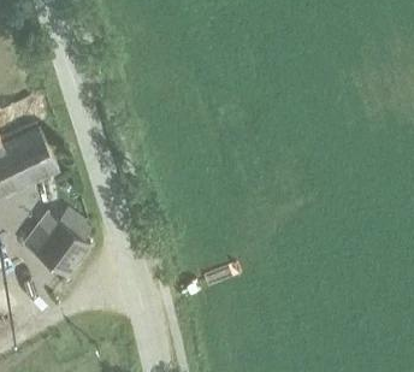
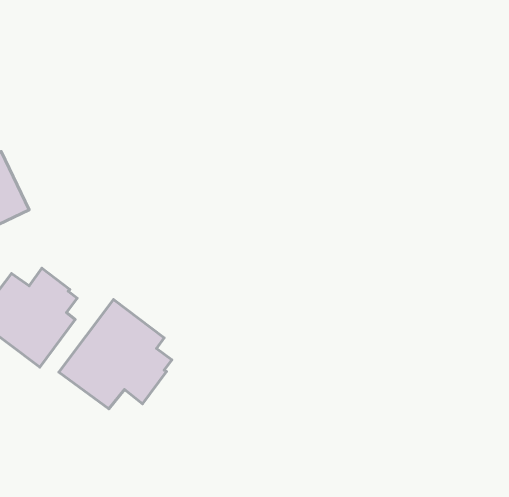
building: none -> [59,299,172,409]

